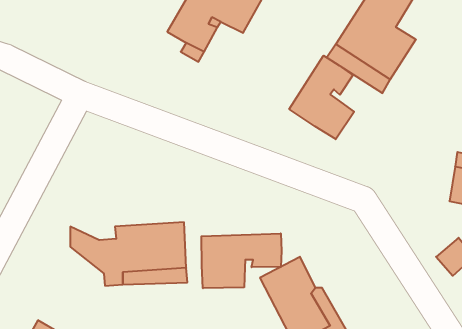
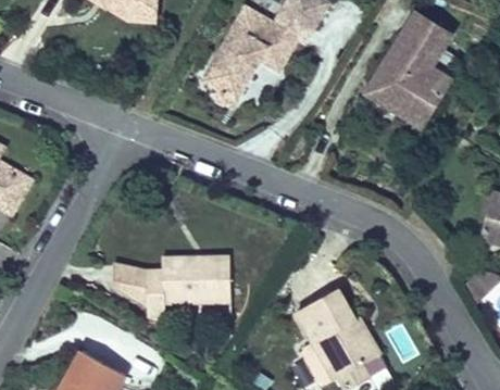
building: [289,56,354,139] -> none
building: [201,233,282,288] -> none

